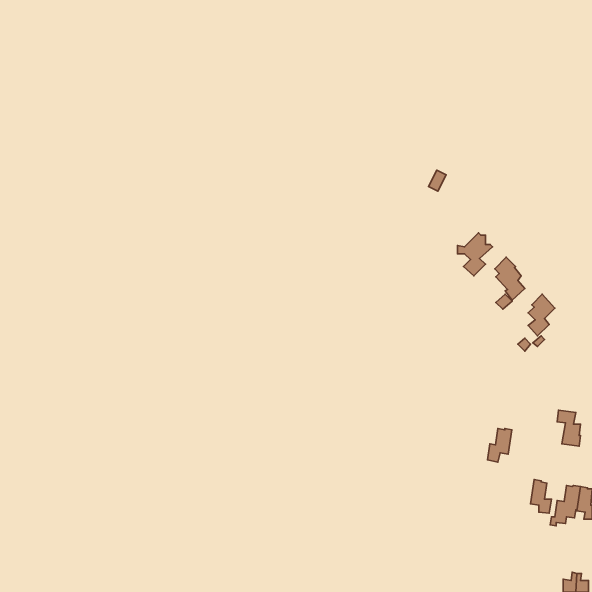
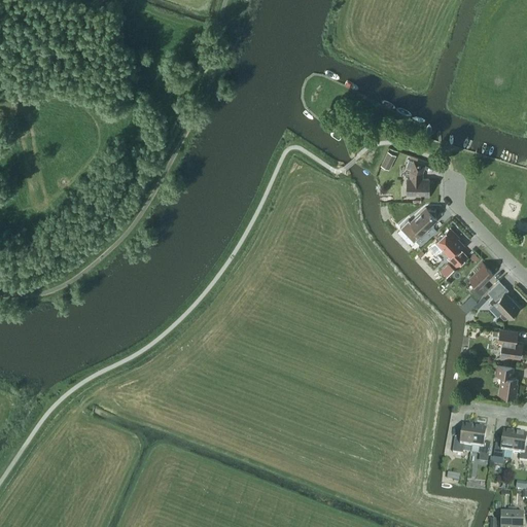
building: none -> [406,160,429,197]
building: none -> [488,280,520,319]
building: none -> [498,328,522,357]
building: [487,429,512,462] -> [453,425,475,455]

